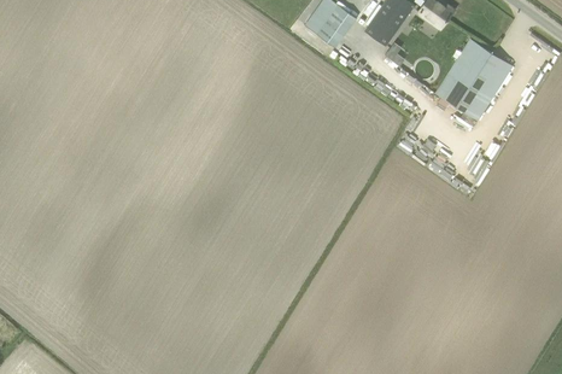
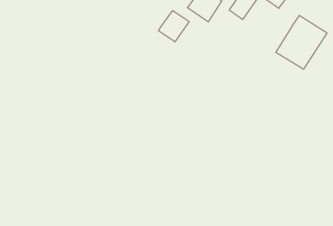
building: none -> [159,10,189,42]

